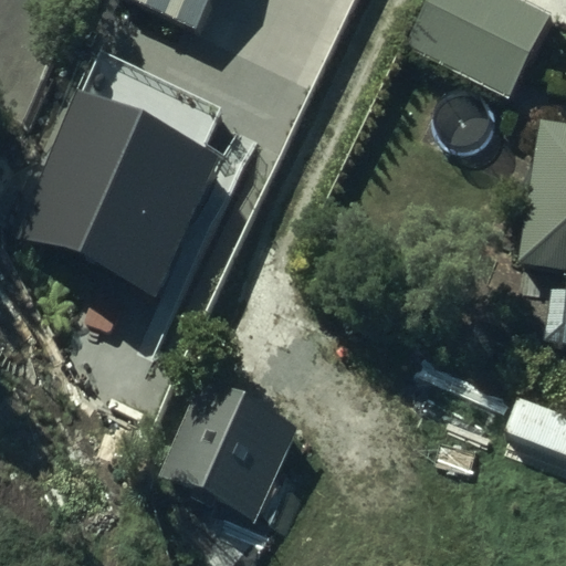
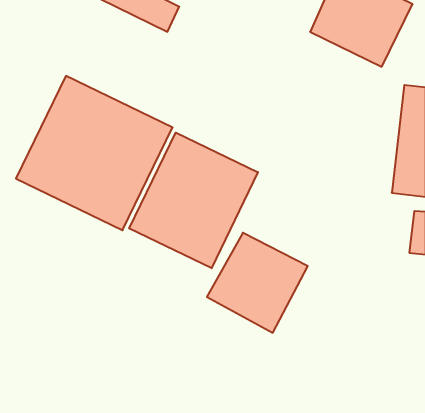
building: none -> [129,133,258,268]
building: [165,377,298,510] -> [207,233,308,333]

